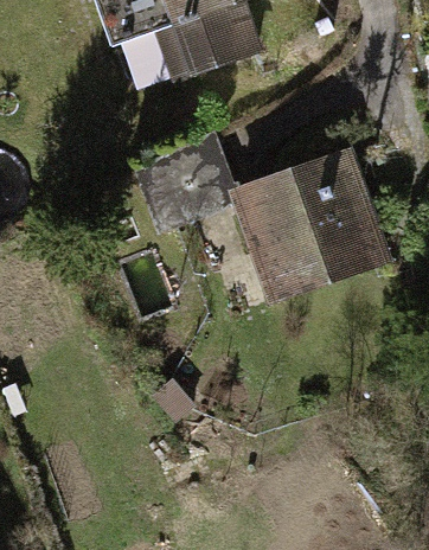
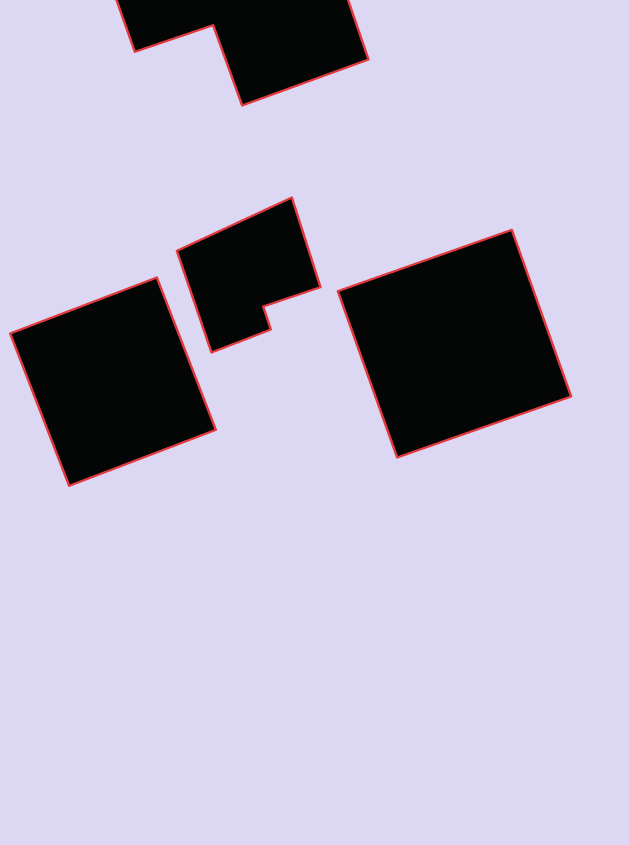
building: none -> [10,277,216,486]

